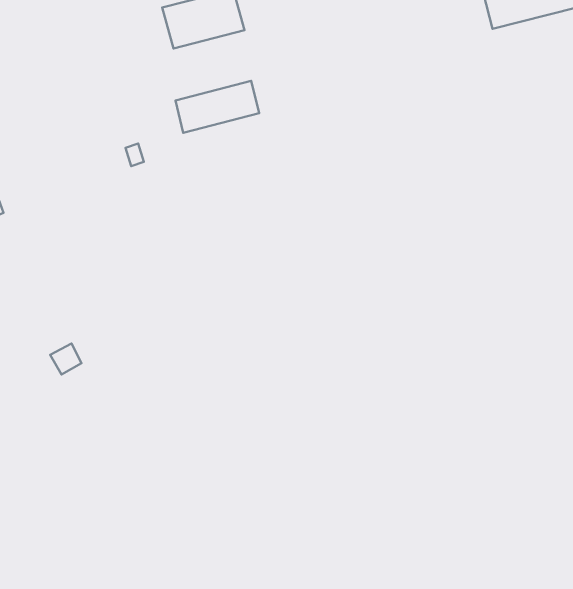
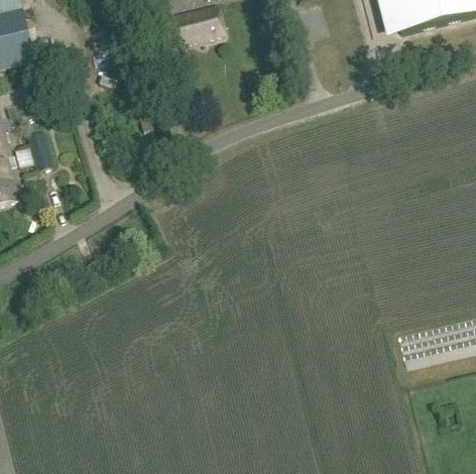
building: [175,81,259,133] -> none

